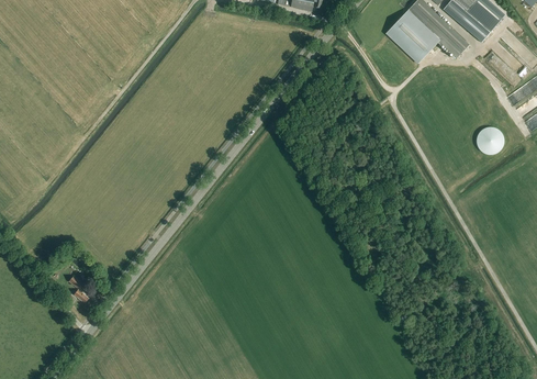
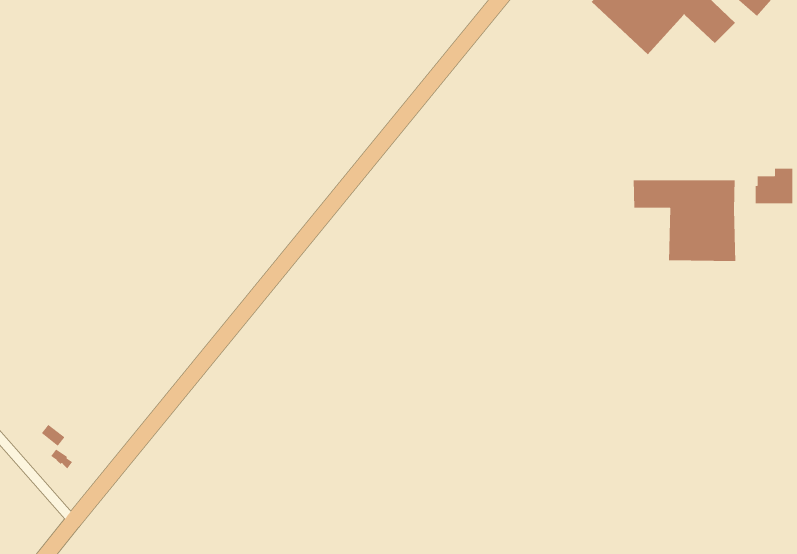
building: none -> [633,180,736,262]

